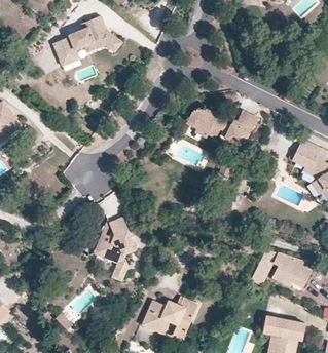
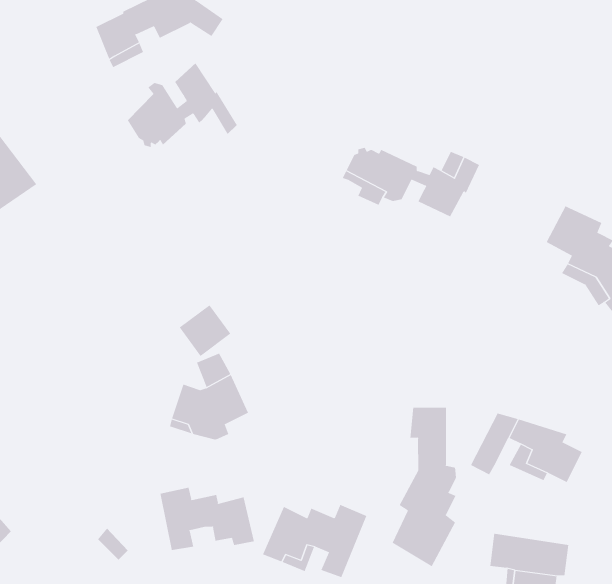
building: none -> [127,63,237,148]
building: none -> [392,407,456,567]
building: none -> [160,487,254,551]

